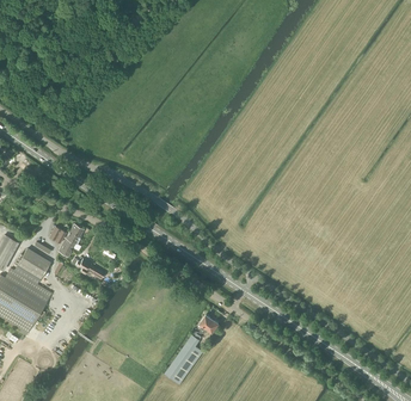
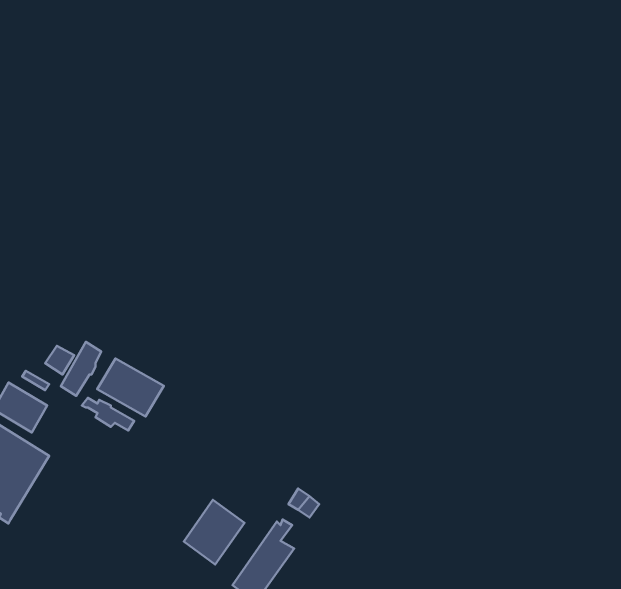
building: none -> [97,359,164,417]
building: none -> [184,500,244,565]

